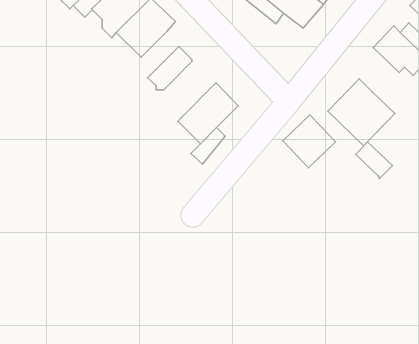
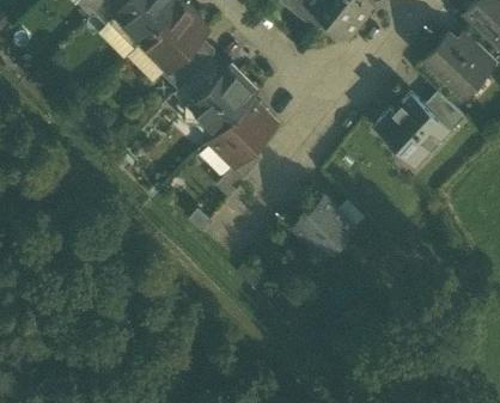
building: none -> [163,39,213,88]
building: none -> [194,72,258,135]
building: [283,115,336,168] -> [294,196,353,255]
building: [356,142,392,178] -> [425,92,465,133]

